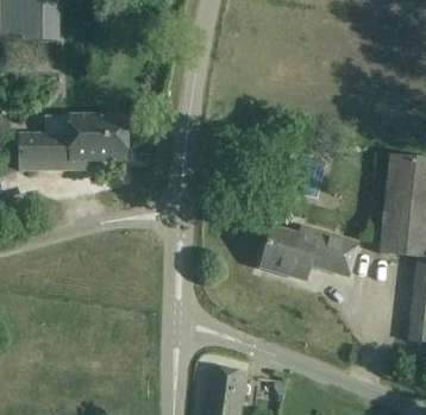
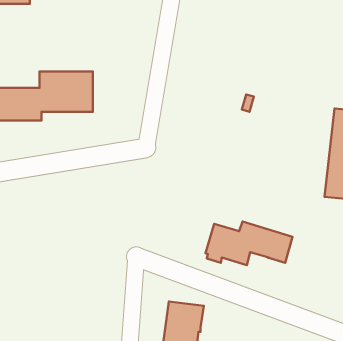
building: [261,226,356,273] -> [206,222,293,265]

